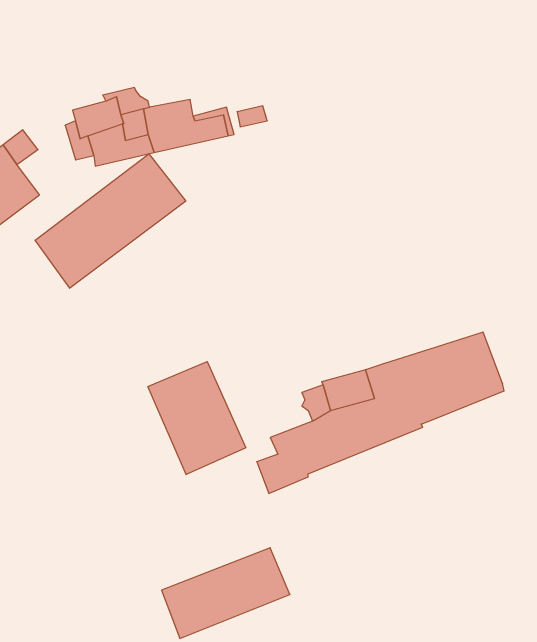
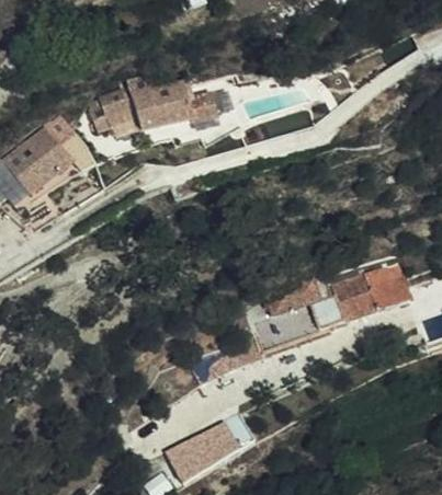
building: [35,154,186,288] -> none
building: [148,362,246,475] -> none

